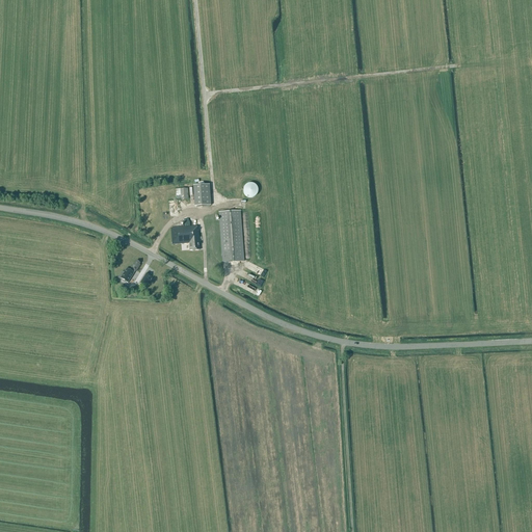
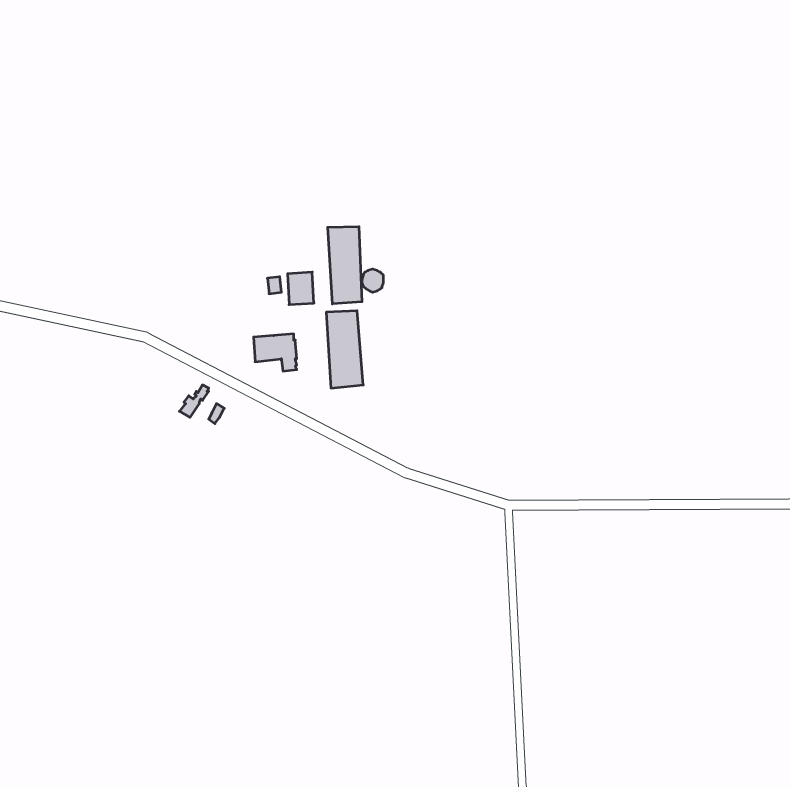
building: none -> [328,227,362,304]

